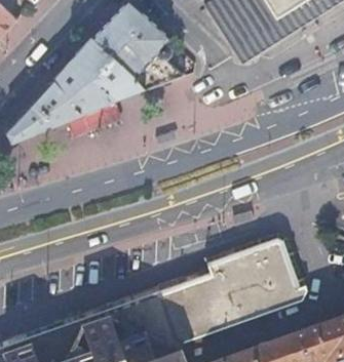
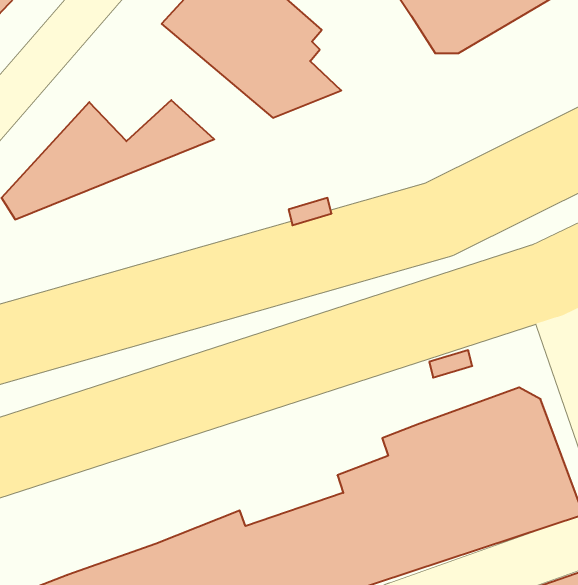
building: [53,39,150,100] -> none

